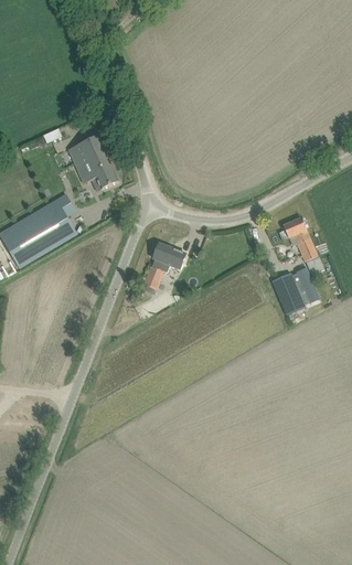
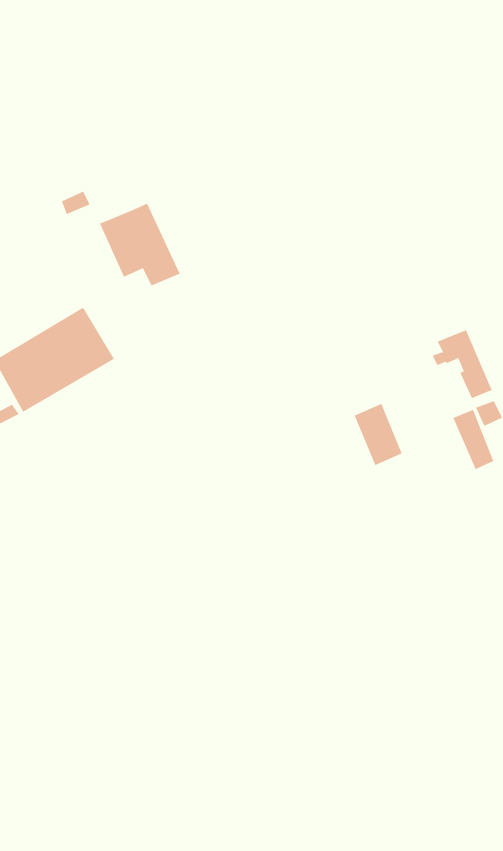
building: [142,243,177,288] -> none
building: [271,273,302,312] -> [354,403,402,466]

